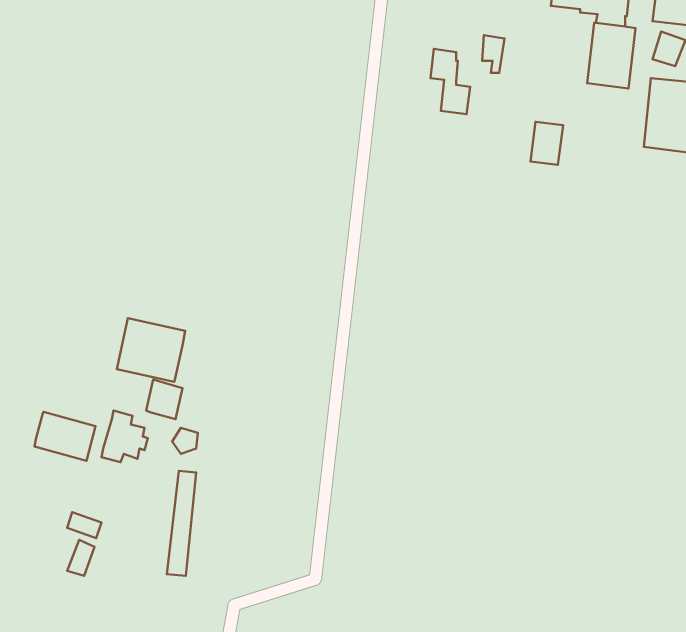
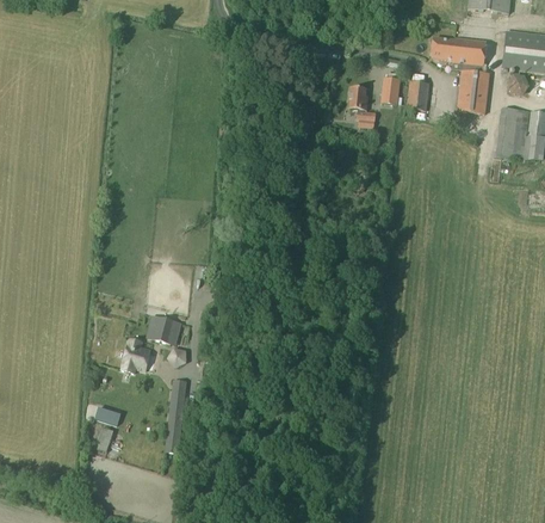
building: [530,122,563,165] -> [407,80,429,110]
building: [117,318,185,382] -> none
building: [34,412,96,461] -> none

